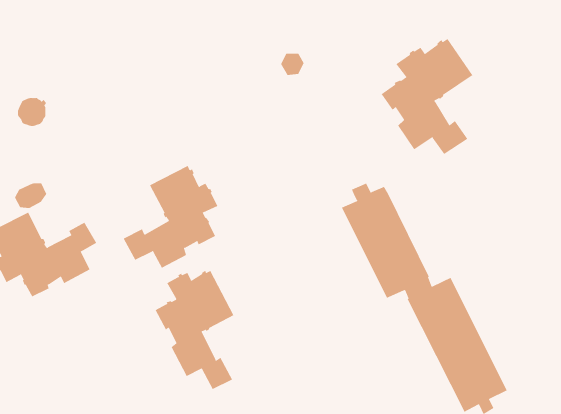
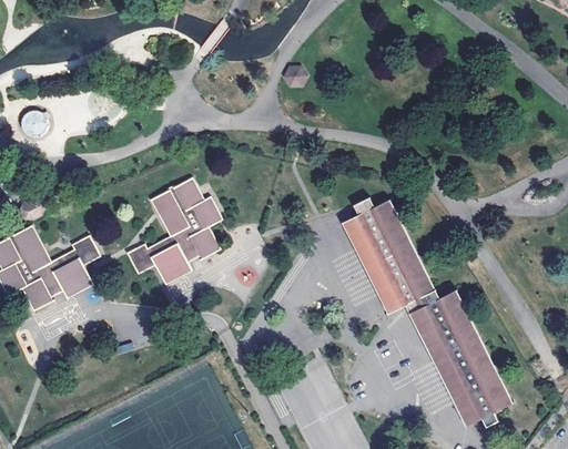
building: [381,38,473,155] -> none
building: [155,270,234,390] -> none

